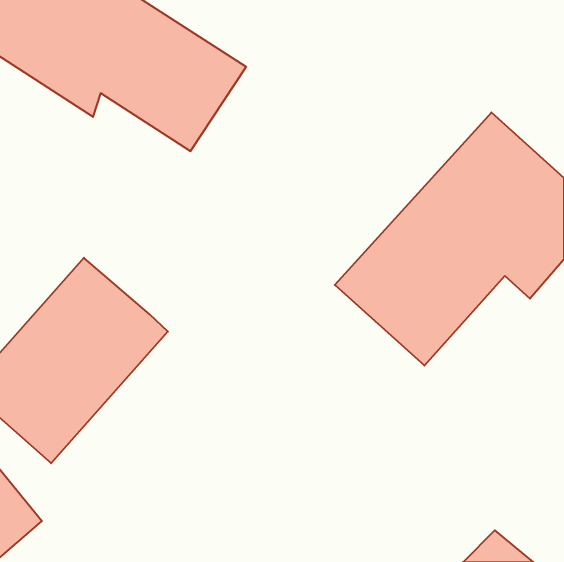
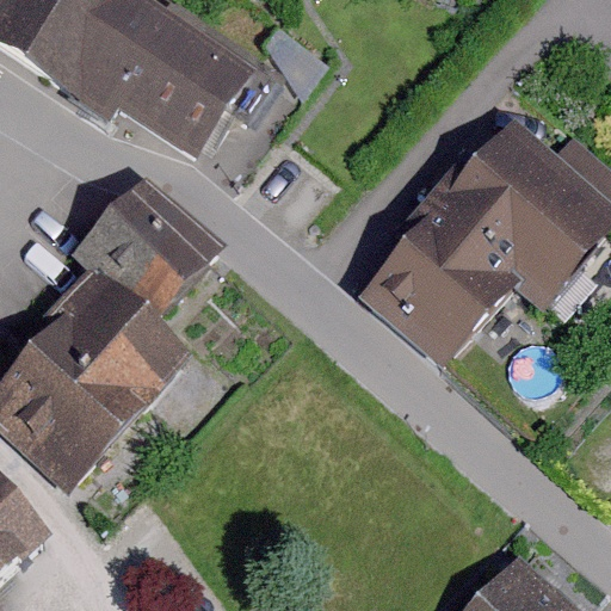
building: none -> [70,192,212,331]

